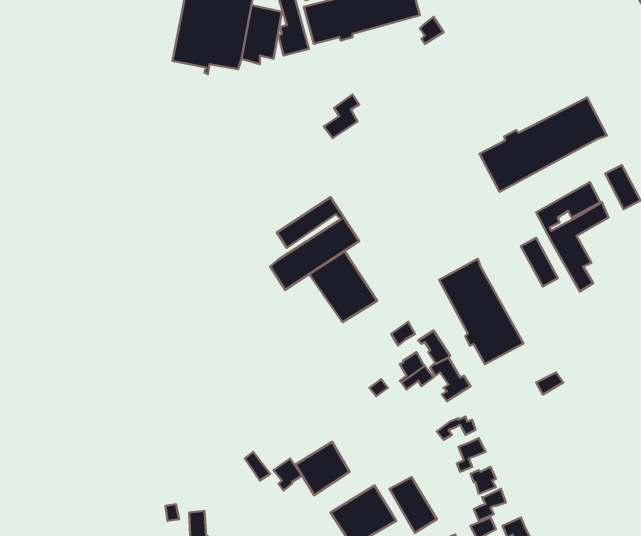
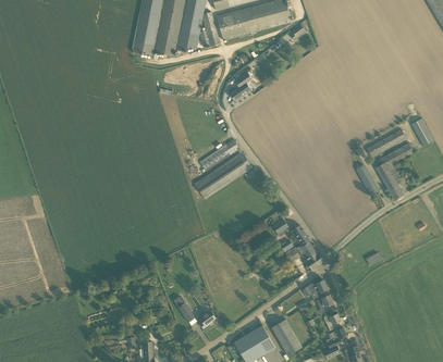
building: [480,97,607,192] -> none
building: [309,251,377,322] -> none
building: [439,259,523,364] -> none
building: [295,442,349,495] -> none

